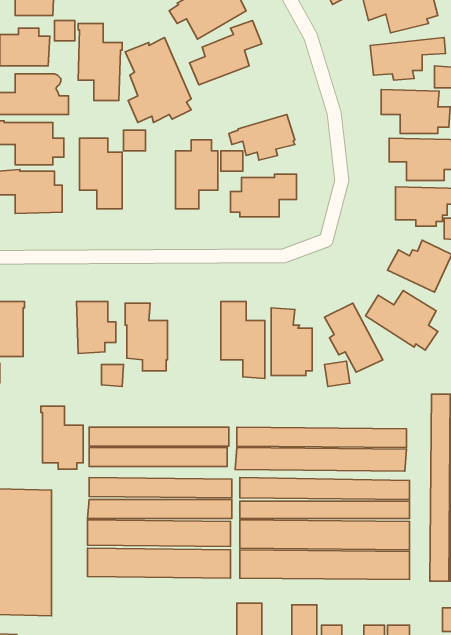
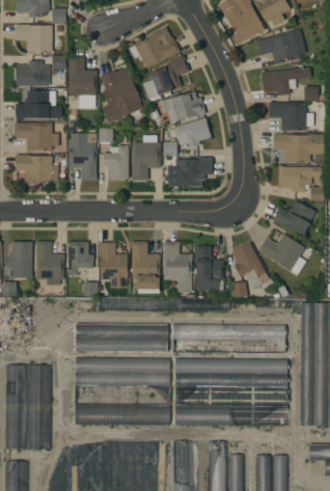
building: none -> [160,91,205,122]
building: none -> [104,145,129,179]
building: none -> [132,242,161,293]
building: [41,406,83,469] -> [36,242,64,283]

